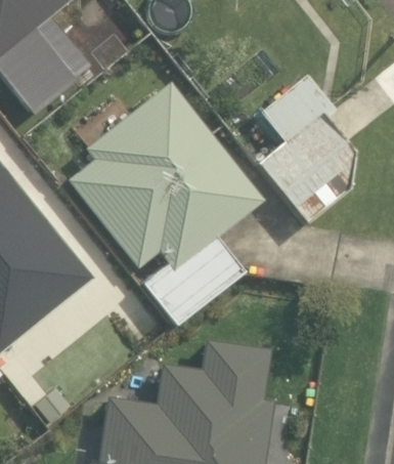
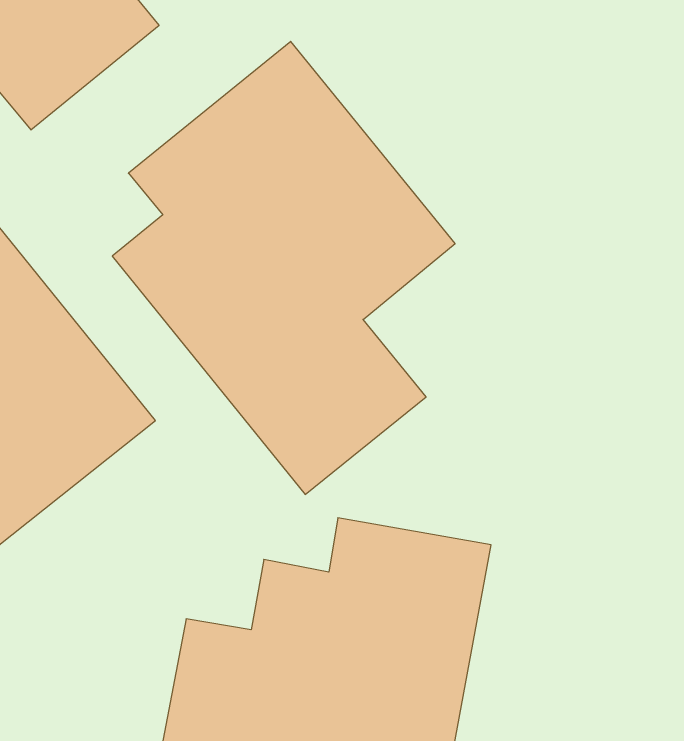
building: [254,72,361,222] -> none

